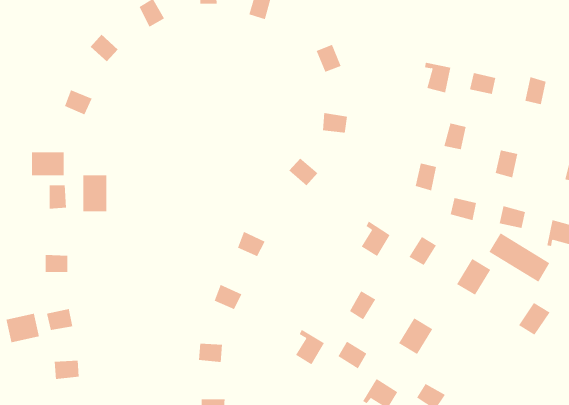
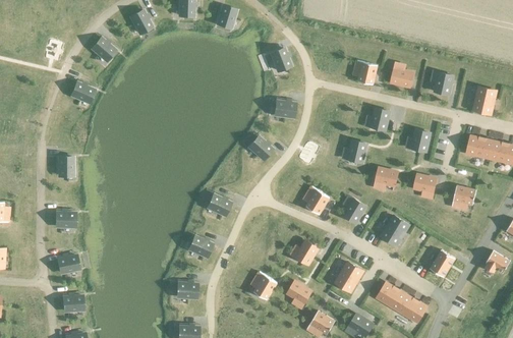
building: [32,151,64,176] -> none
building: [83,174,107,212] -> none
building: [488,232,550,283] -> [376,283,424,323]
building: [6,313,40,343] -> none

